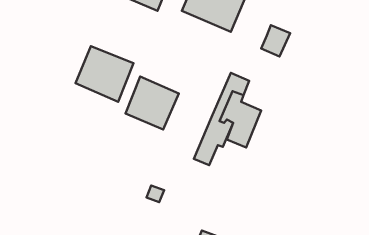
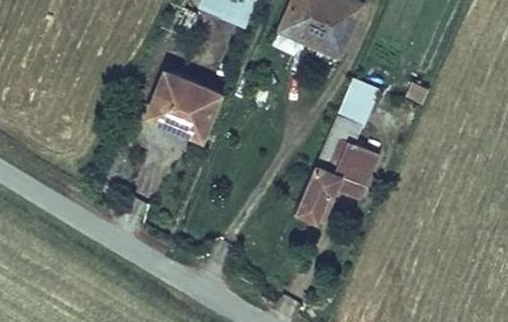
building: [261,25,290,57] -> [332,83,368,122]
building: [126,77,179,129] -> none

